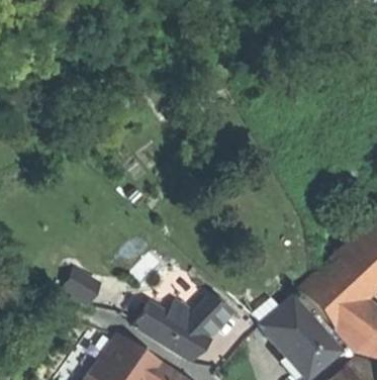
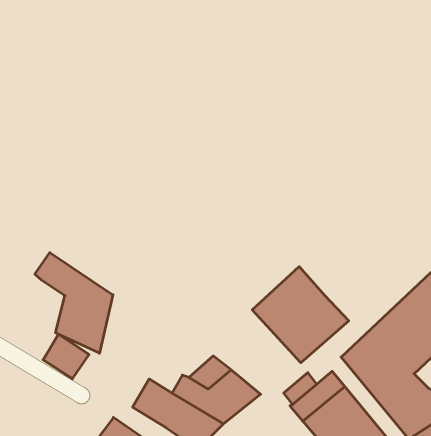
building: none -> [35,253,113,353]
building: none -> [252,267,349,363]

